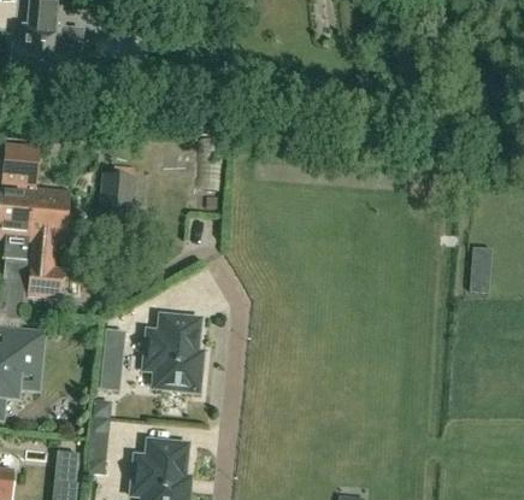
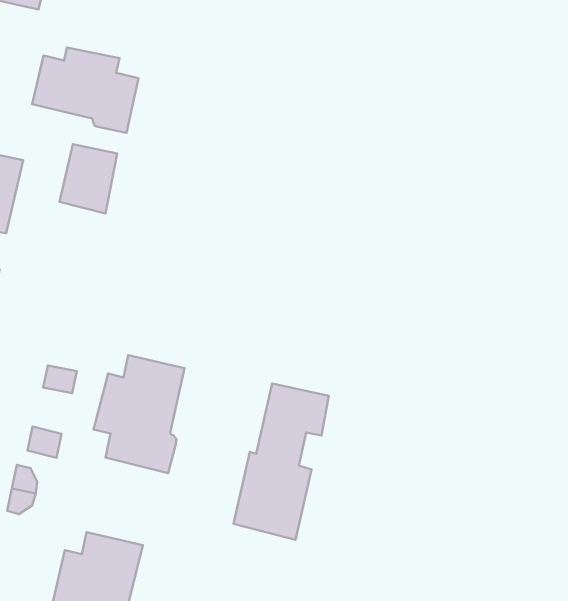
building: none -> [32,47,138,133]
building: none -> [233,383,329,540]

